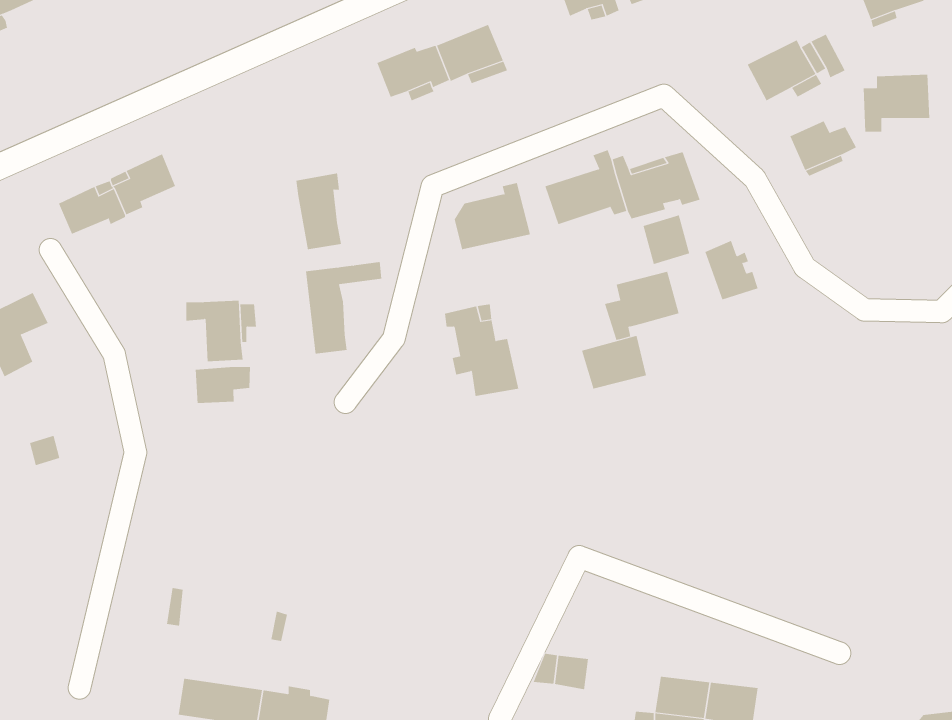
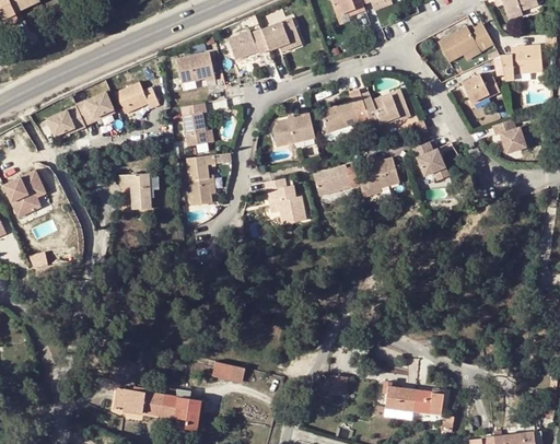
building: none -> [176,51,215,83]
building: none -> [115,82,160,114]
building: none -> [491,118,525,152]
building: [643,214,690,265] -> none
building: [581,335,647,389] -> [315,168,352,199]
building: [195,366,251,404] -> none
building: none -> [213,362,245,383]

